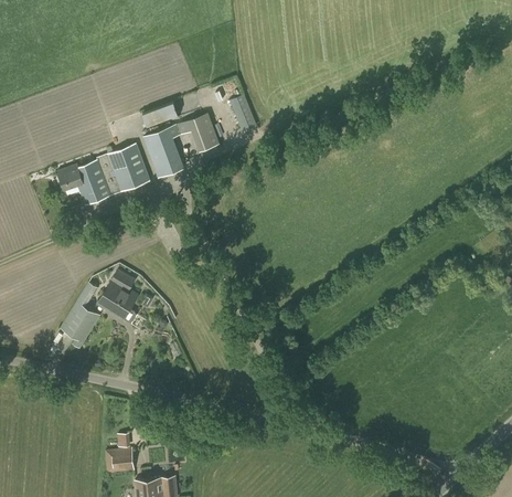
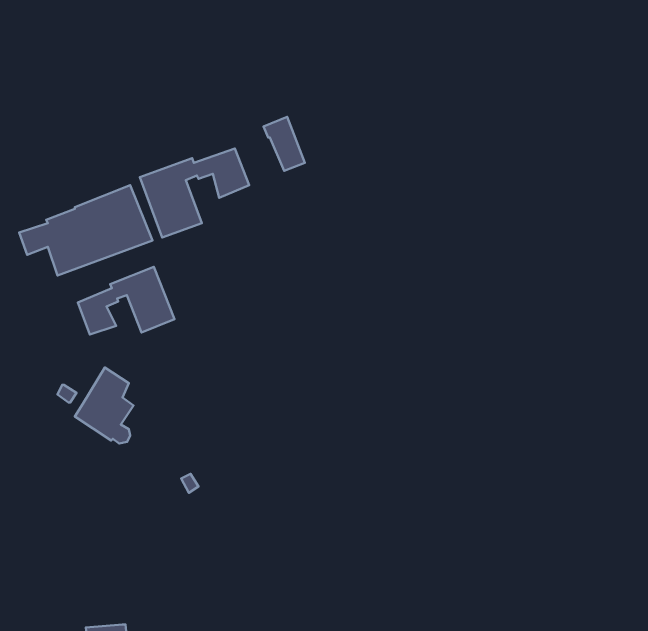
building: none -> [78,267,175,335]
building: [60,295,102,343] -> none

